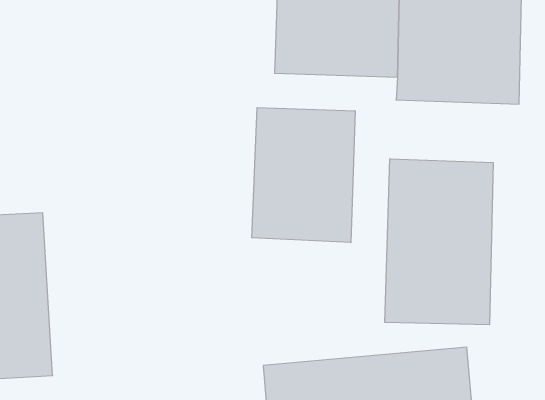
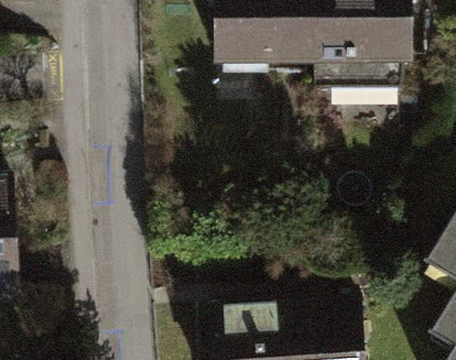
building: [252,108,355,243] -> none
building: [385,159,493,325] -> none

